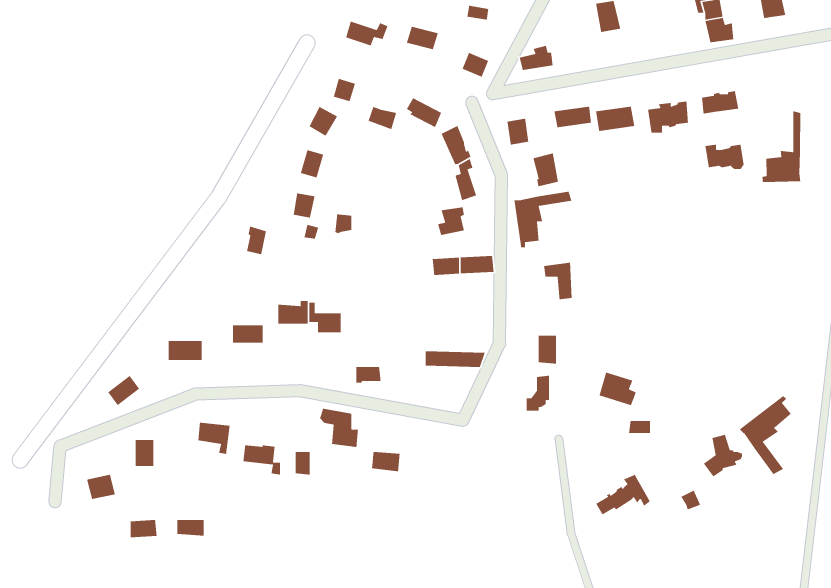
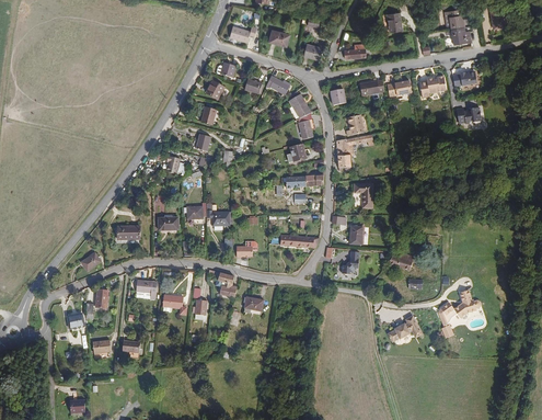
building: [762,110,801,183] -> none
building: [739,395,792,475] -> none

